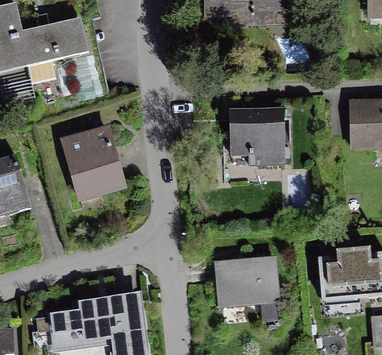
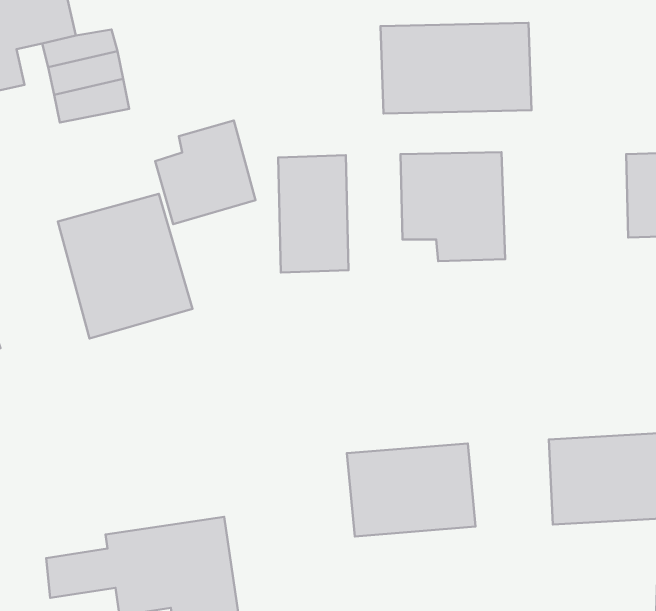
building: none -> [380,23,532,114]
building: none -> [155,120,255,224]
building: none -> [278,155,349,272]

